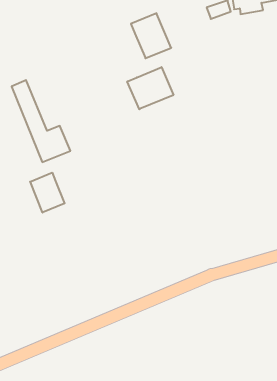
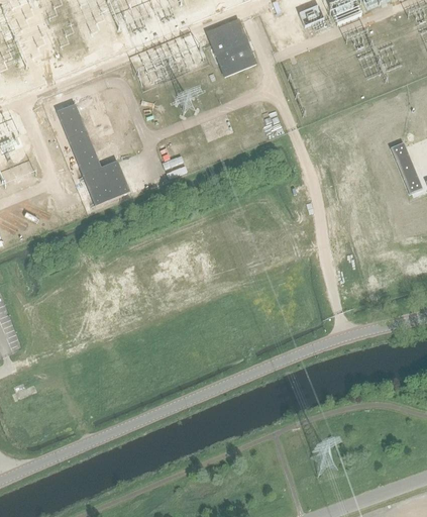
building: [127,67,173,109] -> none
building: [30,173,65,213] -> none

